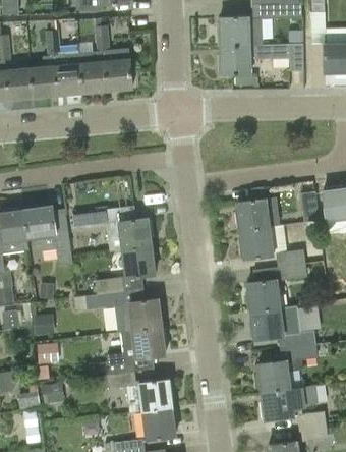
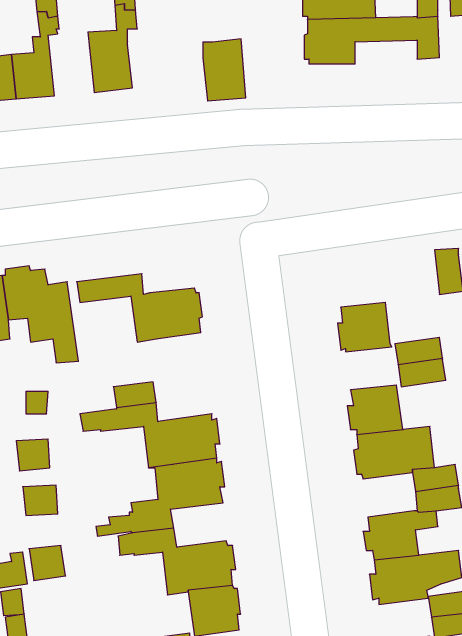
building: [104,50,131,90] -> [203,39,246,101]
building: [53,52,82,95] -> none
building: [235,199,269,230] -> none
building: [122,246,156,278] -> none

